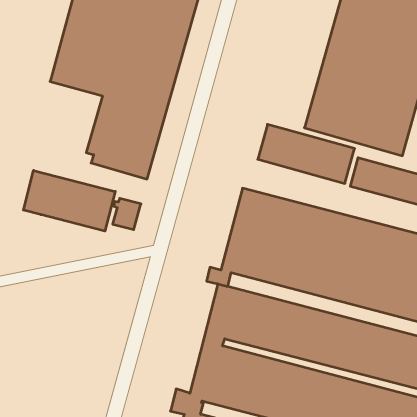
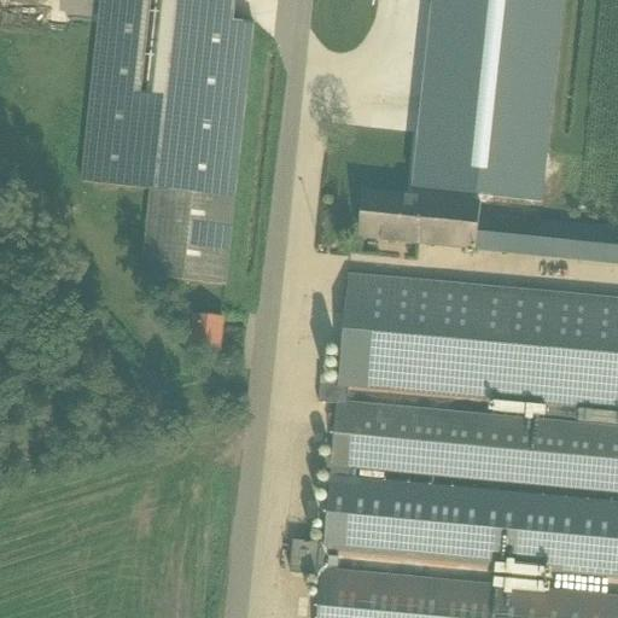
building: [23,170,115,231] -> none

